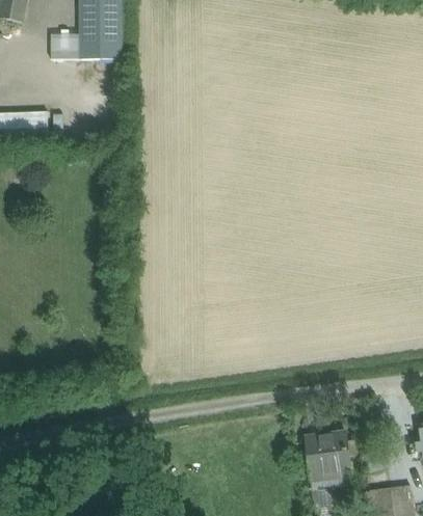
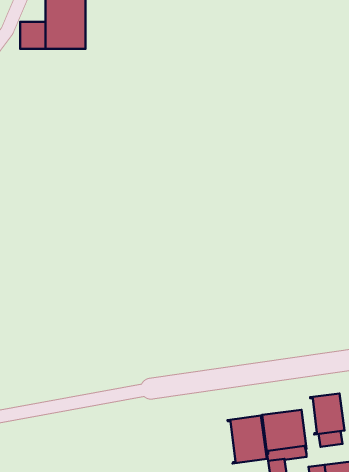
building: none -> [310,394,344,434]
building: none -> [227,415,267,464]

